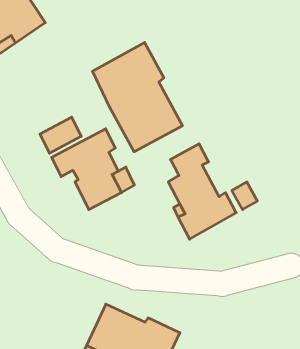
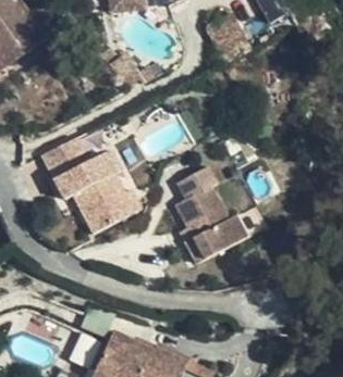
building: [93,42,182,152] -> none

